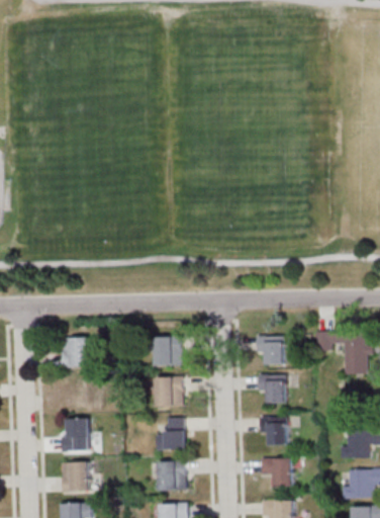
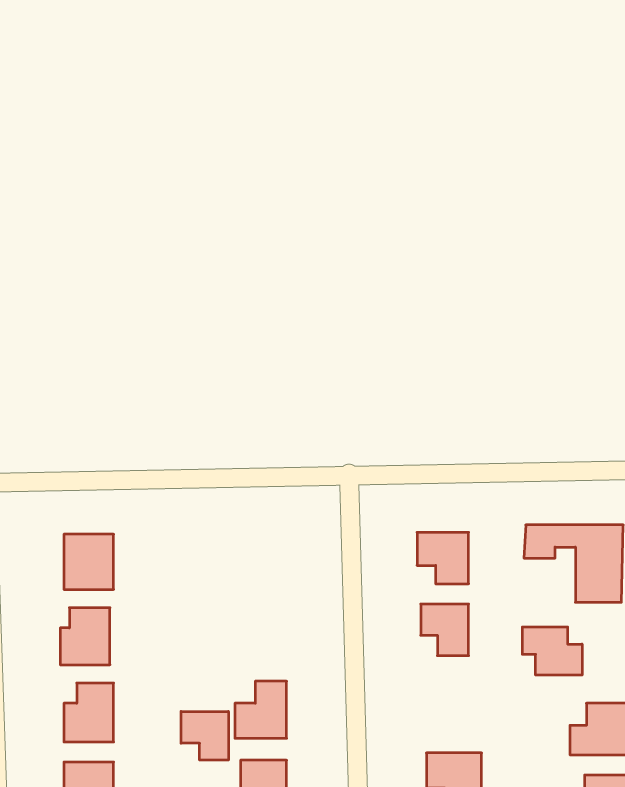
building: [156,337,181,365] -> none
building: [156,377,181,406] -> none
building: none -> [522,627,582,675]
building: [260,417,286,445] -> none
building: none -> [181,711,228,760]

